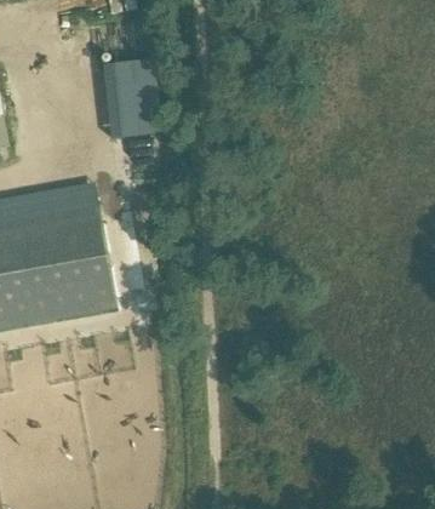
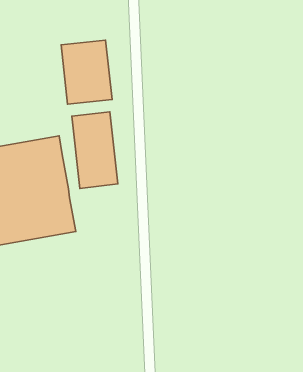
building: none -> [72,112,118,188]

